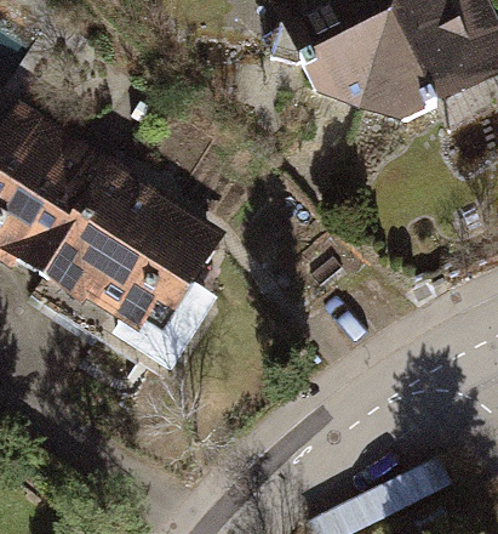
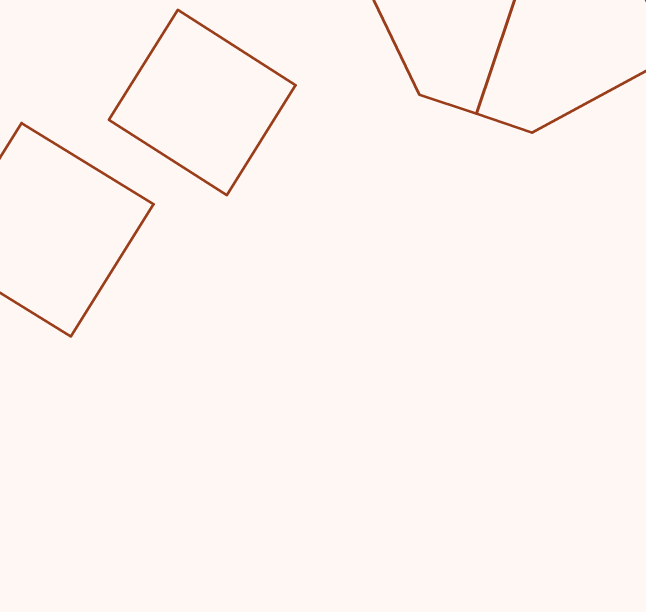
building: none -> [109,10,296,195]
building: [56,175,221,340] -> none

